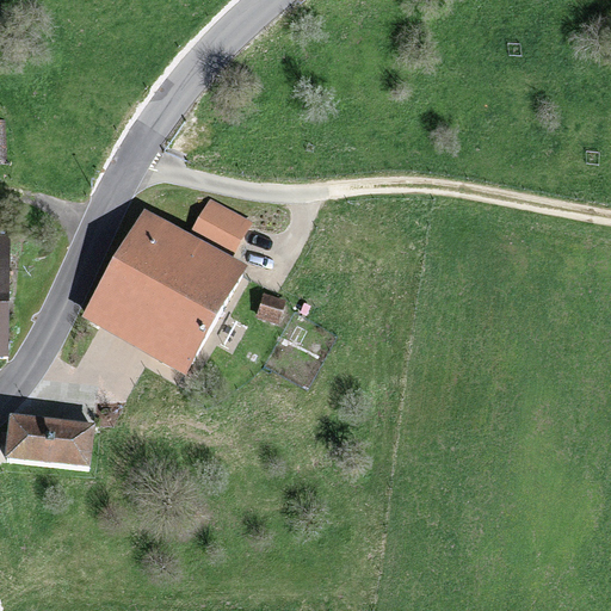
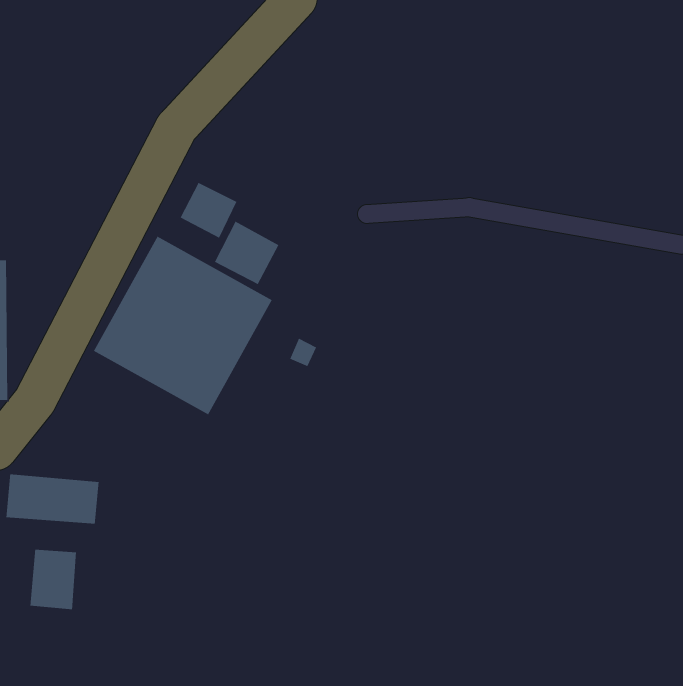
building: none -> [179,182,238,239]
building: none -> [29,549,77,610]

